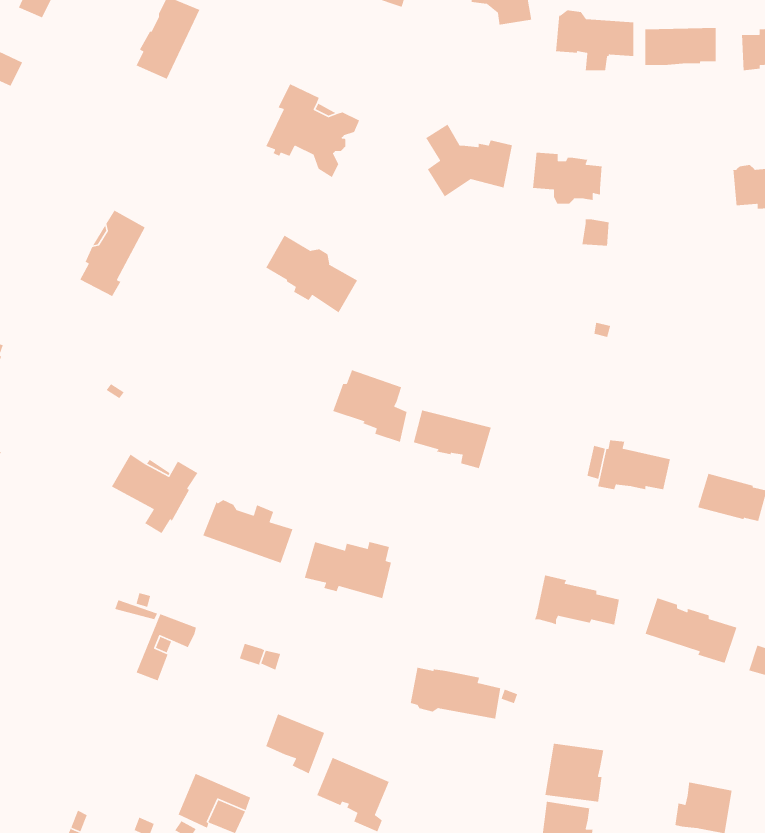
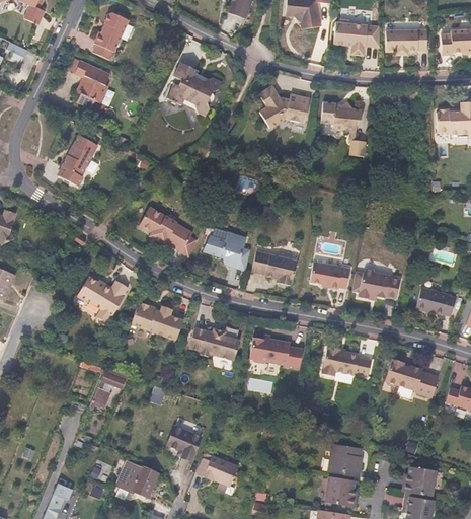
building: none -> [74,61,109,107]
building: [265,234,358,313] -> [139,206,192,251]
building: none -> [309,261,349,288]
building: [410,667,501,719] -> [249,337,302,367]

